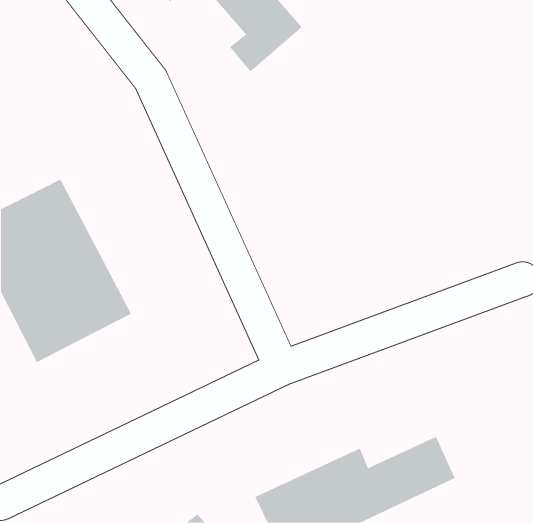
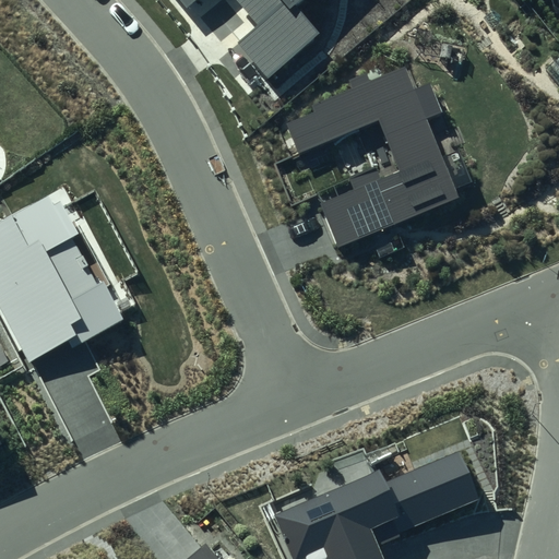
building: none -> [281,63,457,253]

